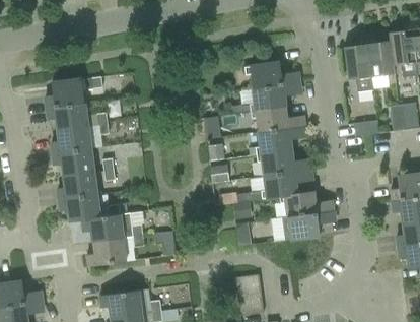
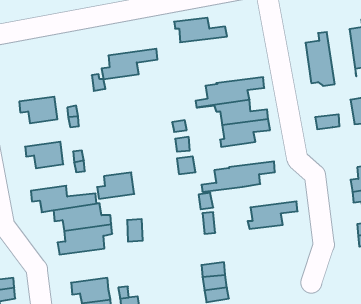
building: [366,33,397,82] -> none
building: [246,63,300,88] -> [174,18,227,42]
building: [46,76,103,108] -> [102,49,157,79]
building: [52,126,90,154] -> none
building: [257,149,311,176] -> none
building: [58,173,96,200] -> [97,172,134,199]
building: [279,191,335,217] -> none

